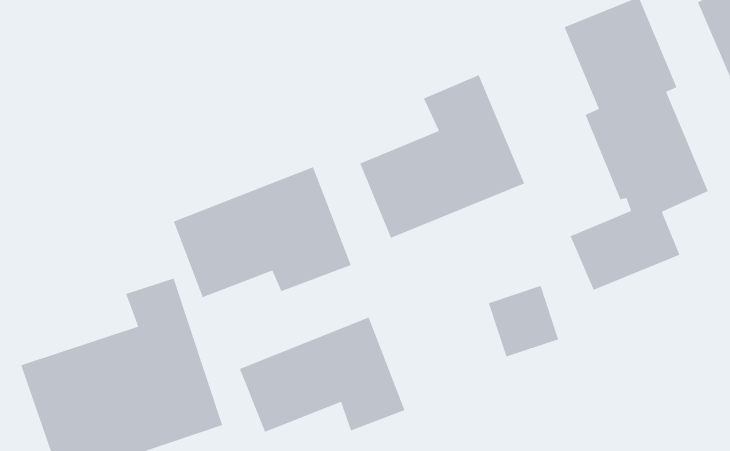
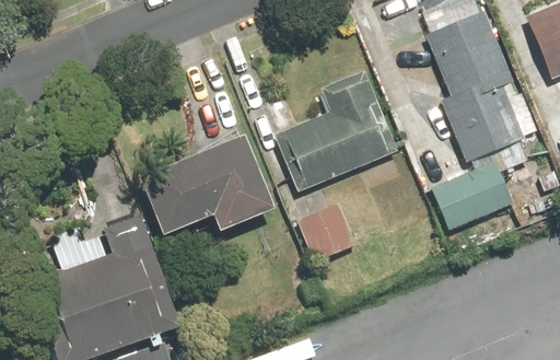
building: [488,285,559,358] -> [300,205,352,258]
building: [239,317,406,433] -> none

